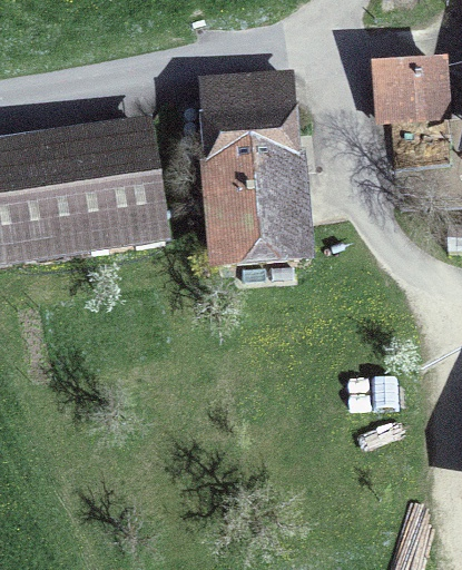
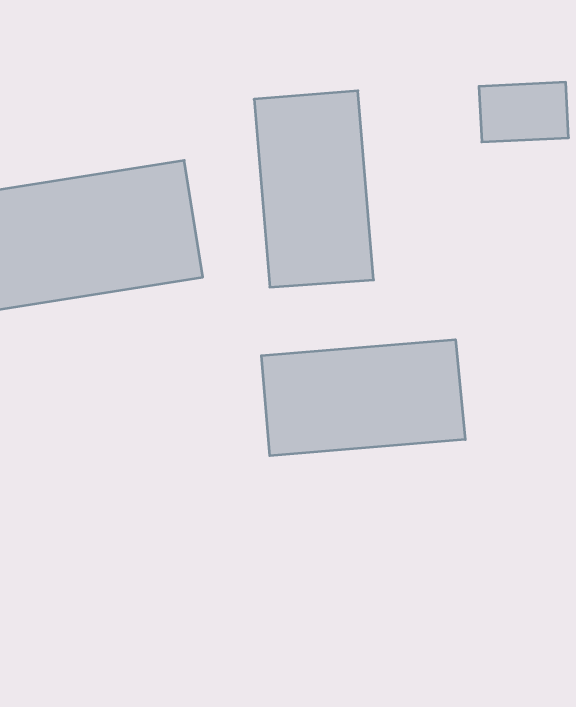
building: none -> [261,340,465,456]

